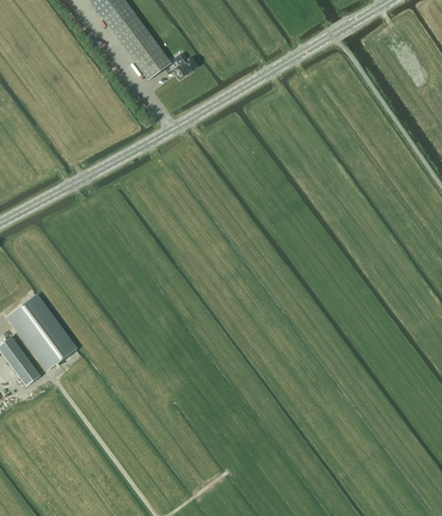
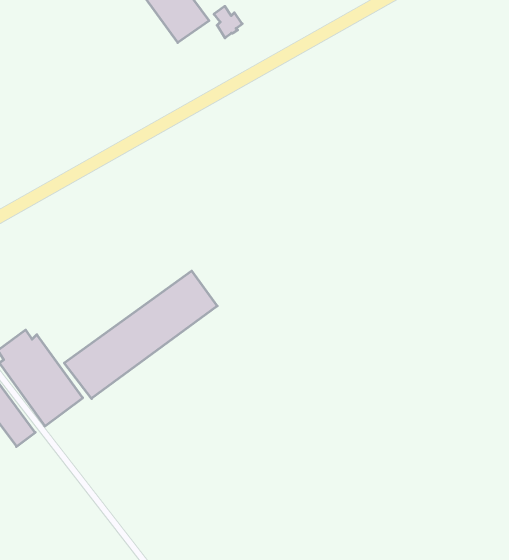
building: none -> [64,271,217,399]

